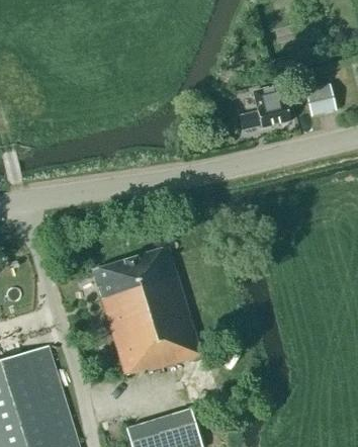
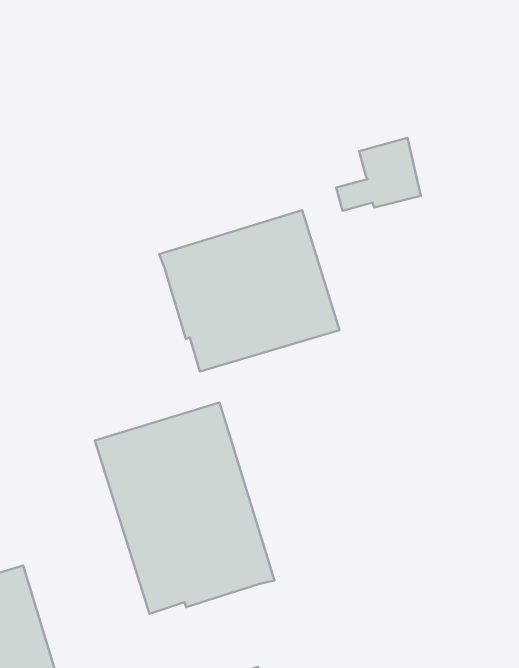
building: [305,85,336,116] -> none
building: none -> [159,210,339,372]

